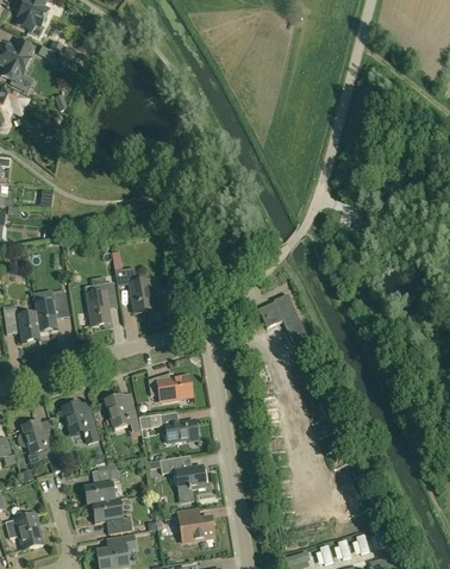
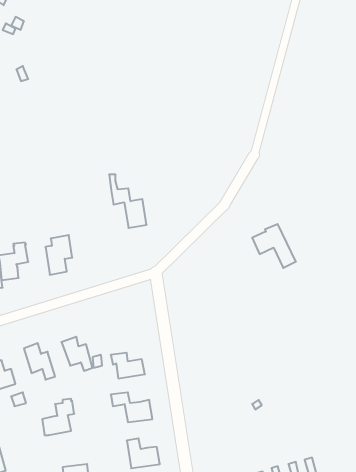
building: [112,251,154,311] -> [109,175,147,228]
building: [258,293,307,342] -> [252,224,296,268]
building: [148,373,190,400] -> none
building: [90,498,132,531] -> none

